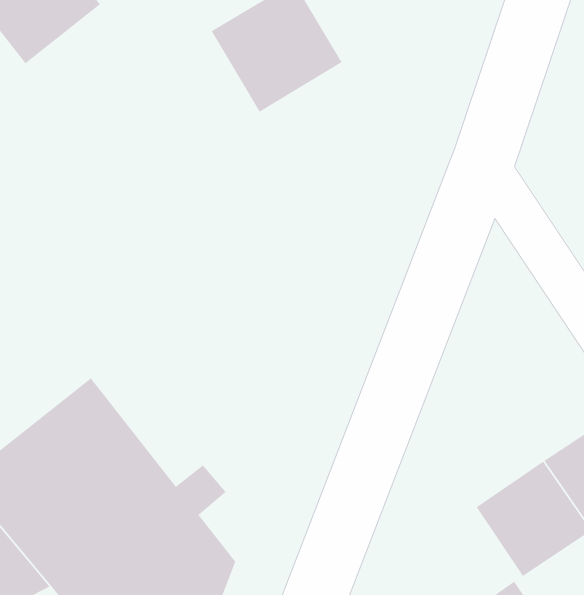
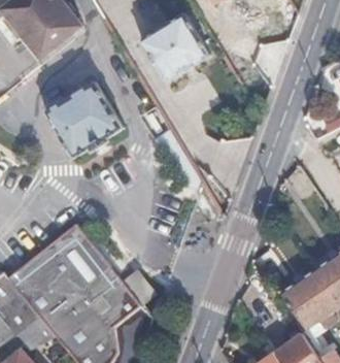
building: none -> [45,81,122,157]

